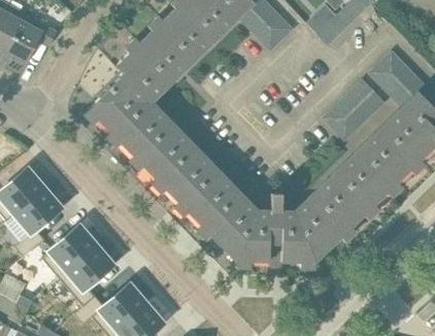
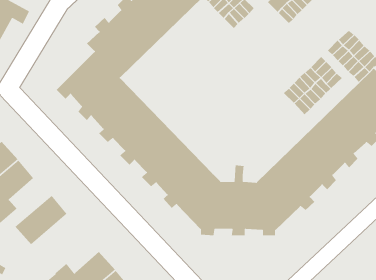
building: [59,244,114,306] -> none

